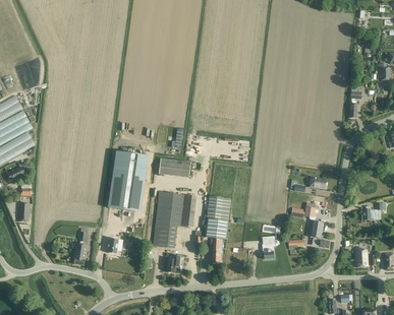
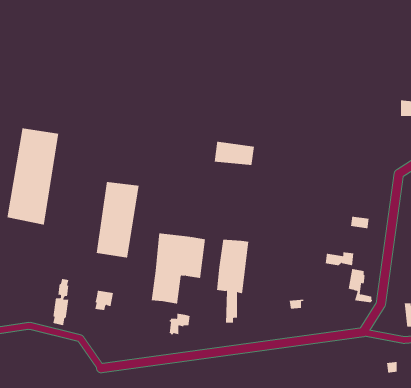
building: none -> [7,128,59,225]
building: [159,157,191,177] -> [214,141,255,166]

